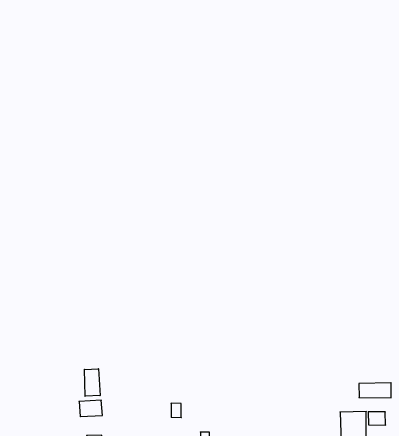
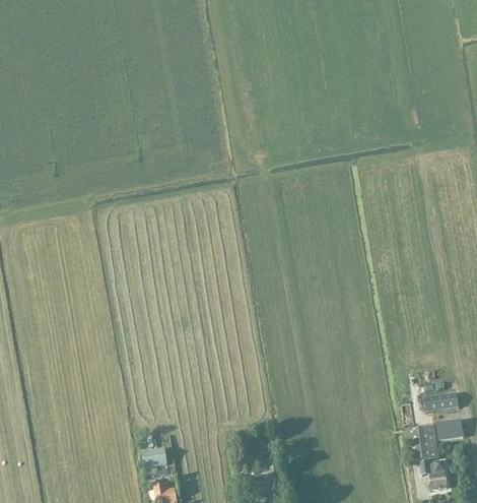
building: [84,369,100,396] -> none

